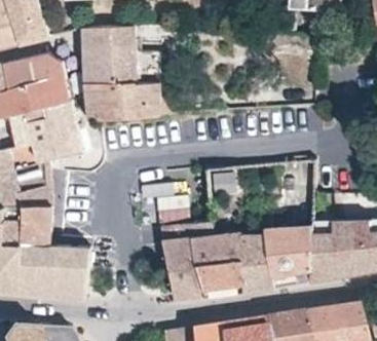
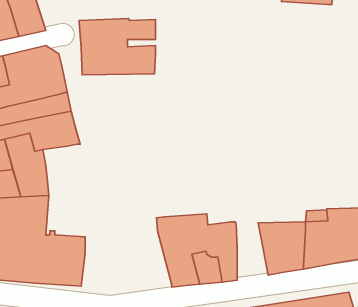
building: [85,81,171,119] -> none
building: [242,233,275,292] -> none

